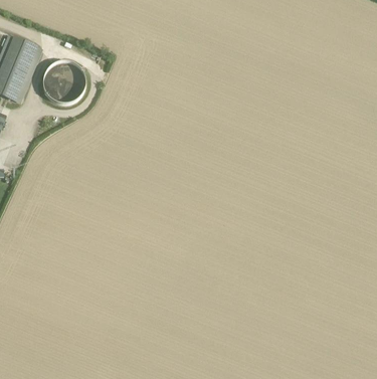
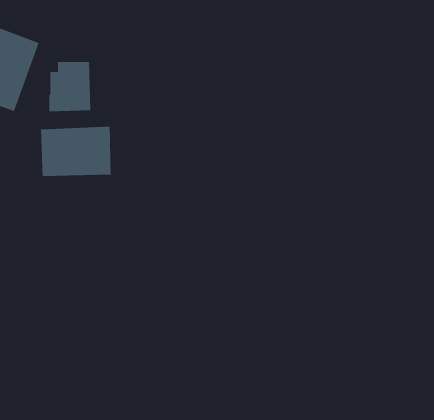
building: none -> [41,126,111,177]

